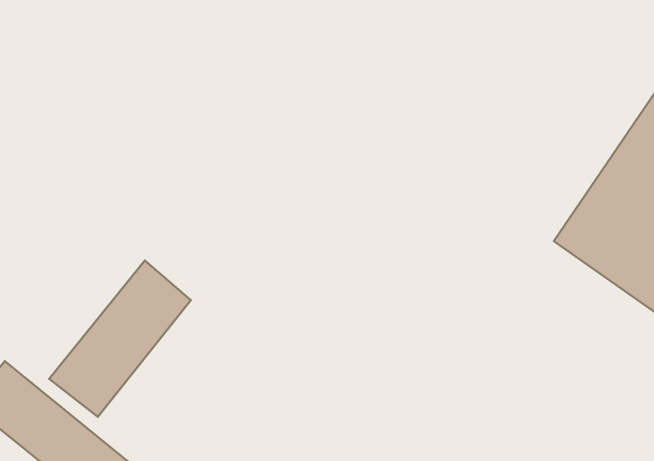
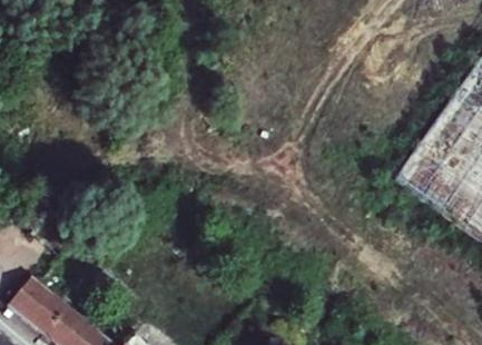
building: [49,260,191,417] -> none

